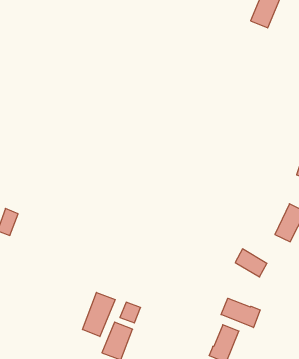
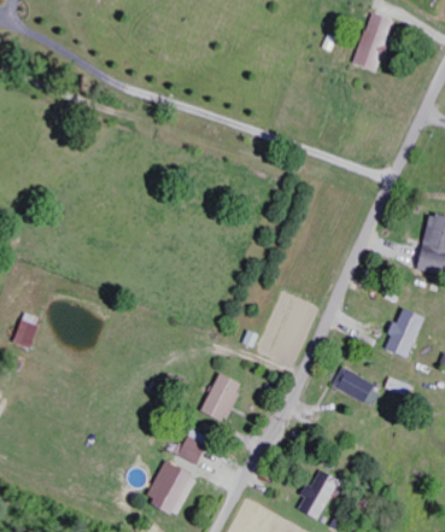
building: none -> [200,373,240,422]
building: [83,292,115,337] -> none
building: [221,298,260,328] -> none

